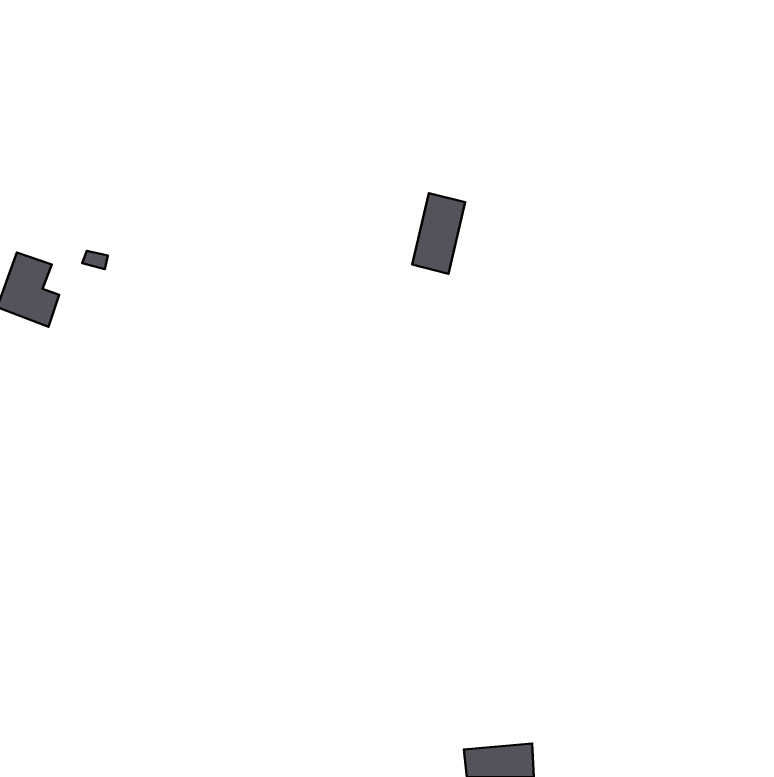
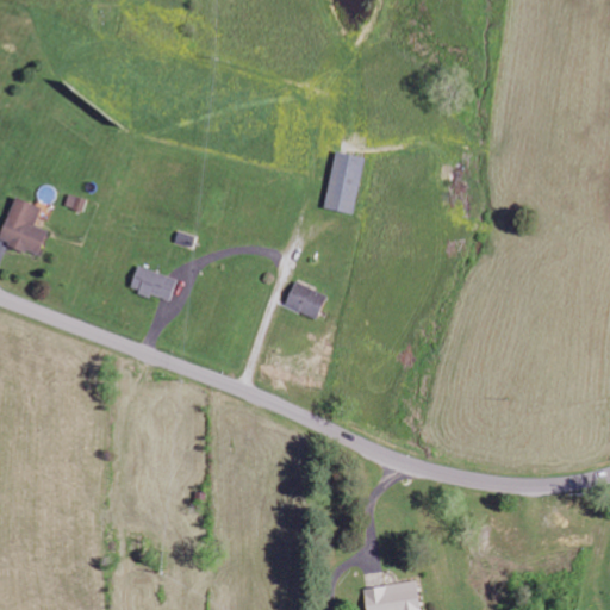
building: none -> [129,267,175,303]
building: none -> [284,282,326,319]

